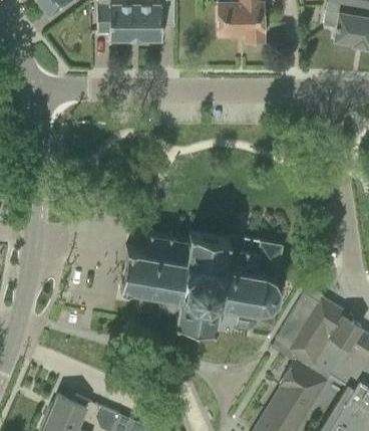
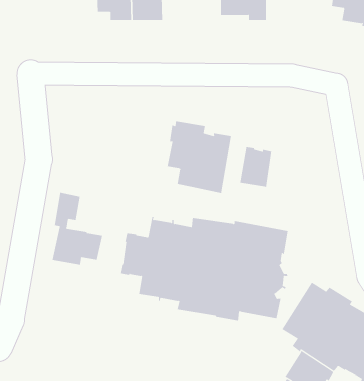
building: none -> [167,120,231,194]
building: none -> [239,146,272,188]
building: none -> [52,192,102,265]

